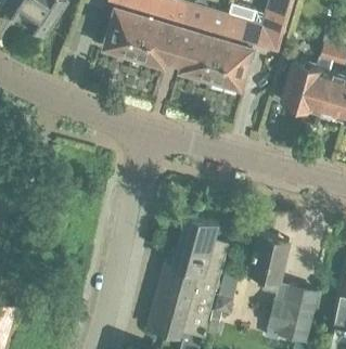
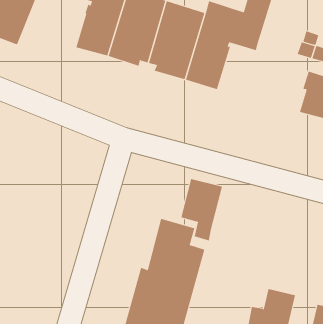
building: [281,63,328,113] -> none
building: [248,236,290,297] -> [180,179,223,241]

